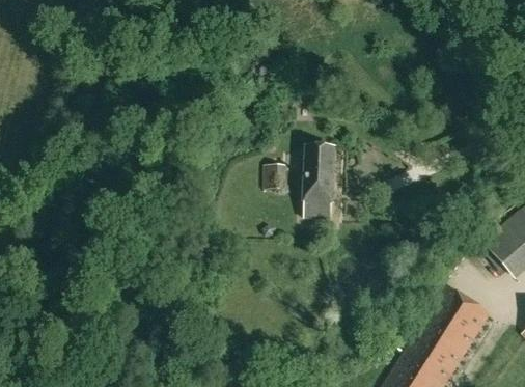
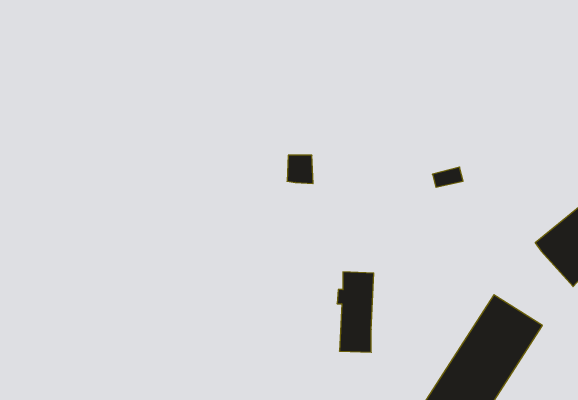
building: [302,148,334,219] -> [337,272,374,352]

